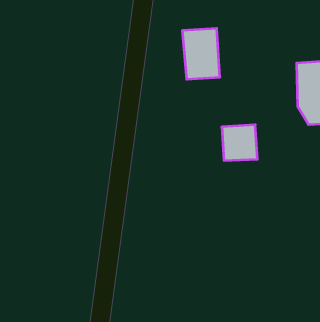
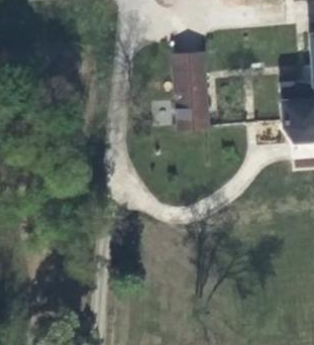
building: [222,125,257,160] -> [176,98,209,131]

